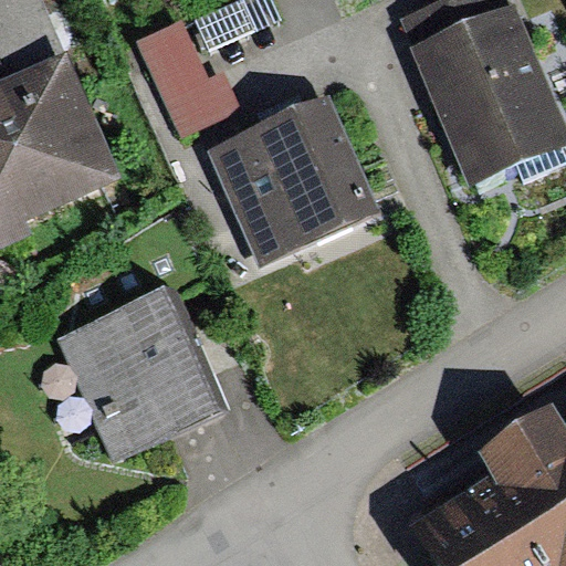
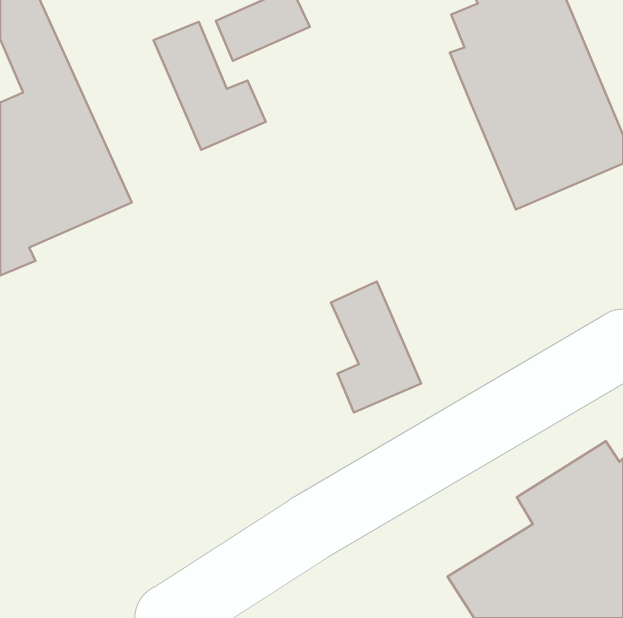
building: [209,97,377,262] -> none
building: none -> [331,281,421,412]
building: [56,285,227,462] -> none

